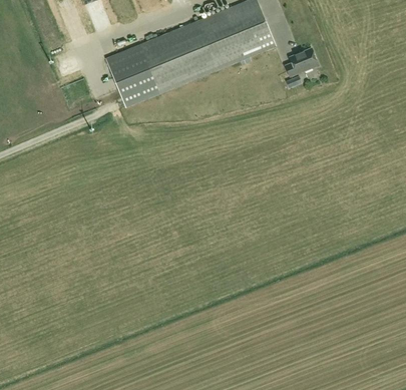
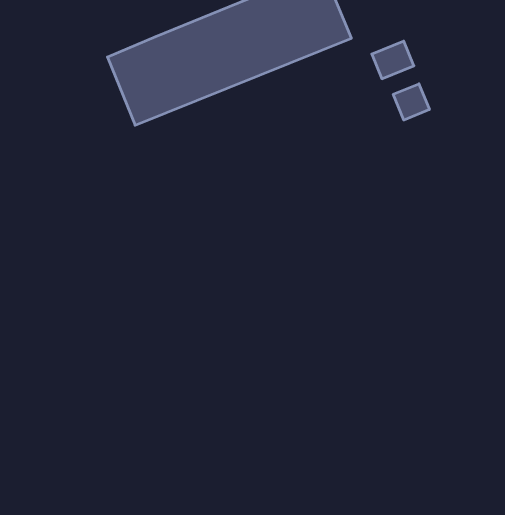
building: none -> [393,84,429,120]

